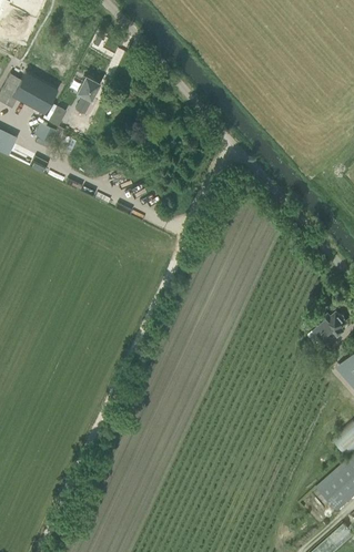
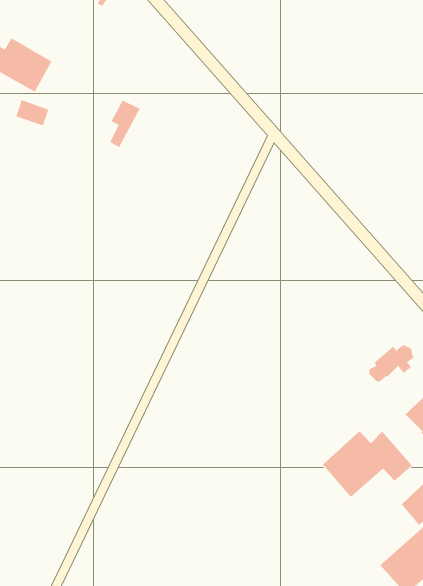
building: [75,76,100,114] -> [110,100,140,148]
building: none -> [322,430,413,498]

